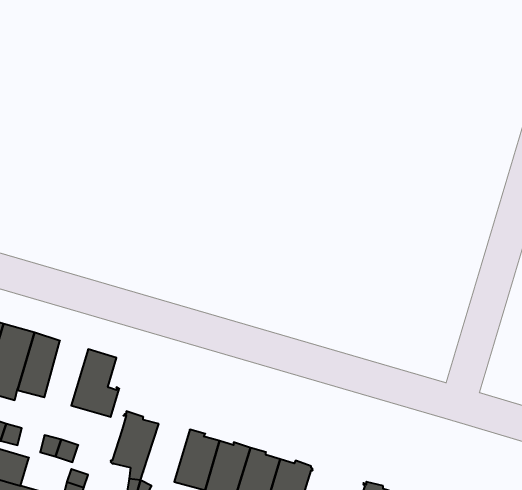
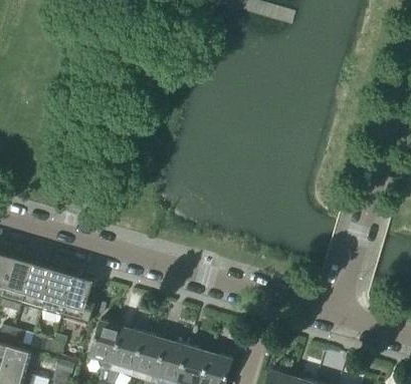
building: none -> [41,270,72,316]
building: none -> [112,329,145,370]

